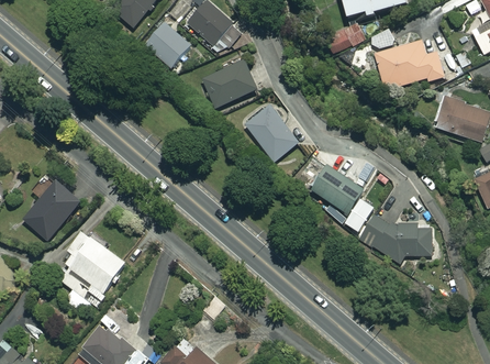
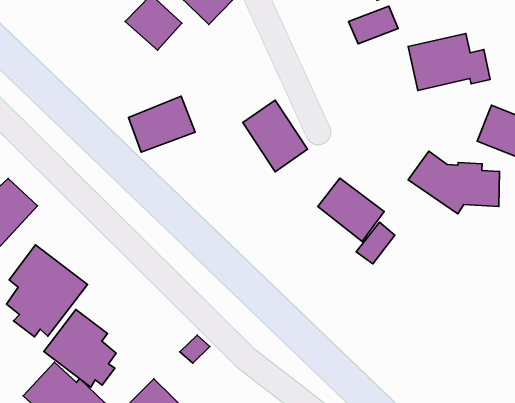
building: [202,59,257,107] -> [128,96,195,152]
building: [357,213,432,263] -> [408,151,500,214]
building: none -> [44,309,116,387]

